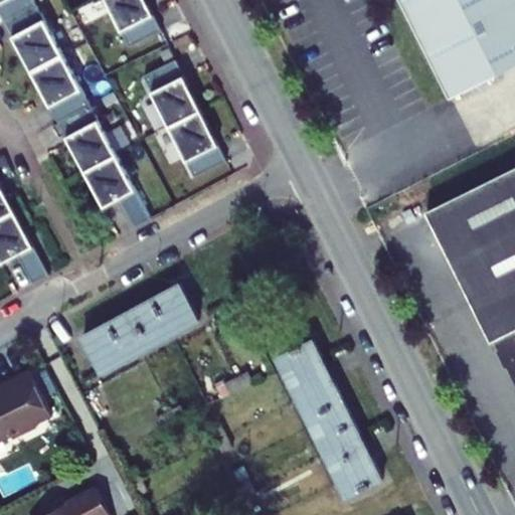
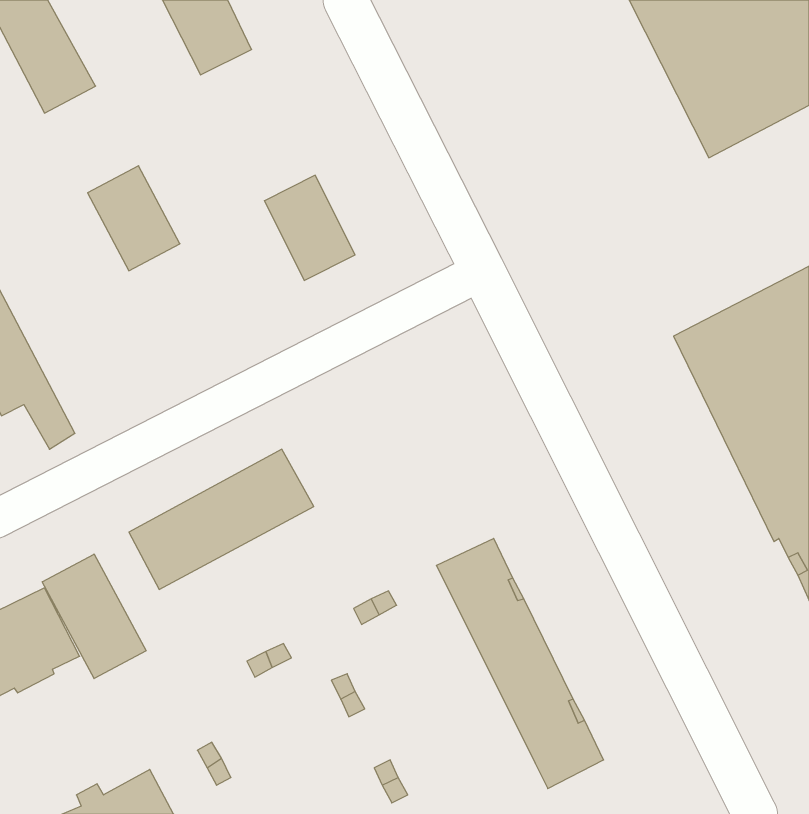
building: [28,54,88,122] -> none
building: [142,59,199,127] -> none
building: [81,154,149,227] -> none
building: none -> [42,554,146,679]

